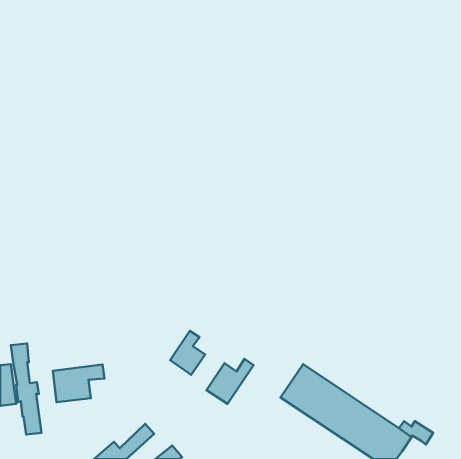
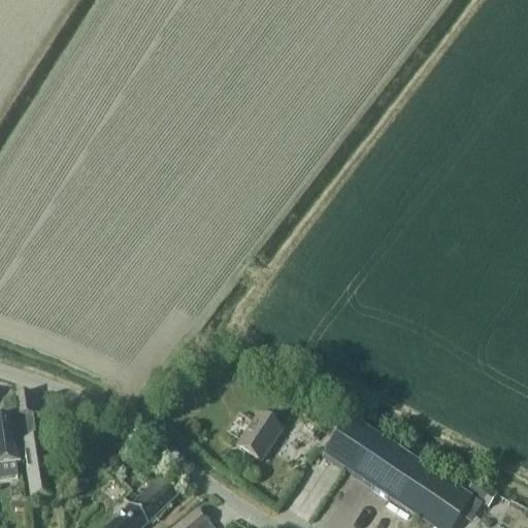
building: [170,331,205,375] -> none
building: [53,364,104,402] -> none

